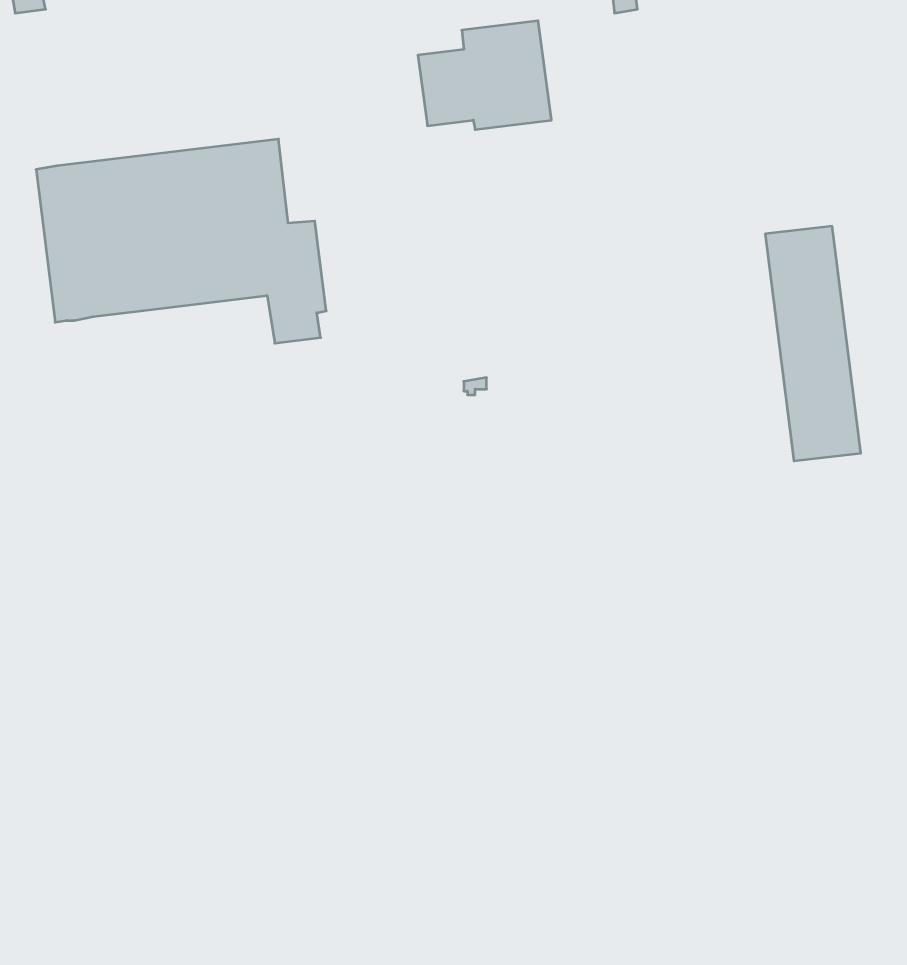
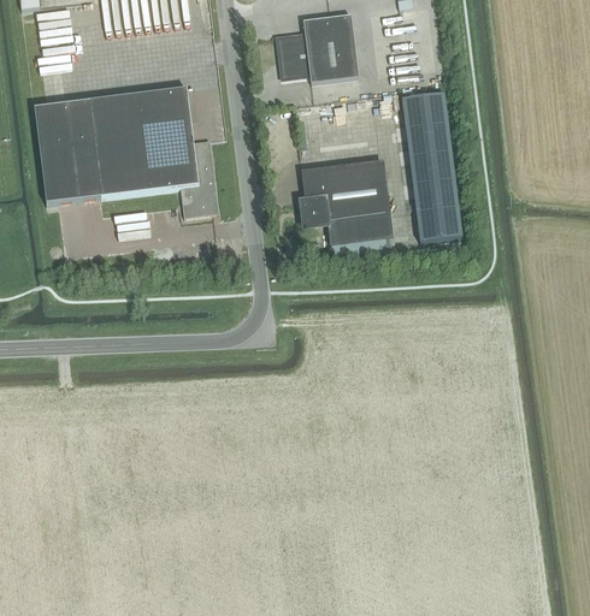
building: [765,226,861,461] -> [401,93,461,241]
building: none -> [297,160,389,242]

